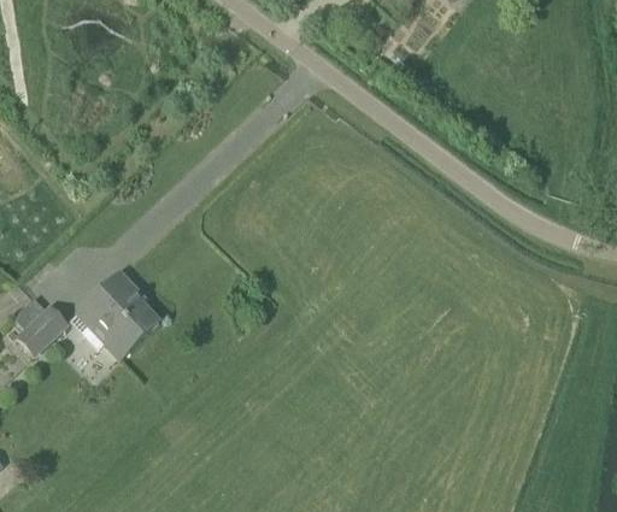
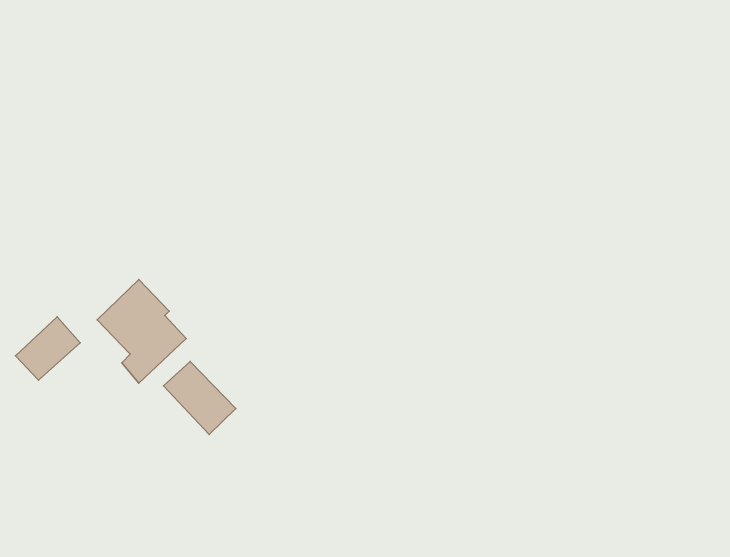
building: none -> [164,361,236,435]

